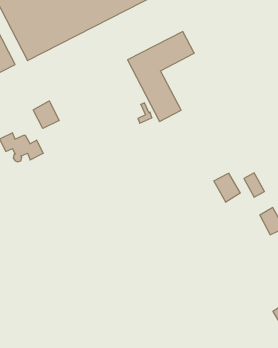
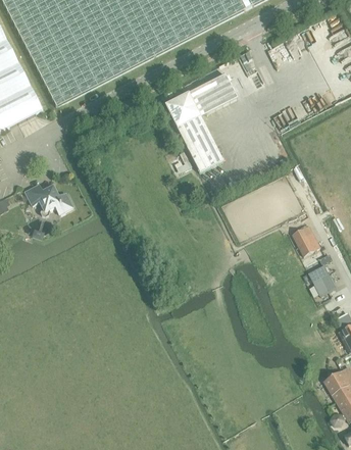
building: [33,101,59,128] -> none
building: [214,173,240,202] -> none

